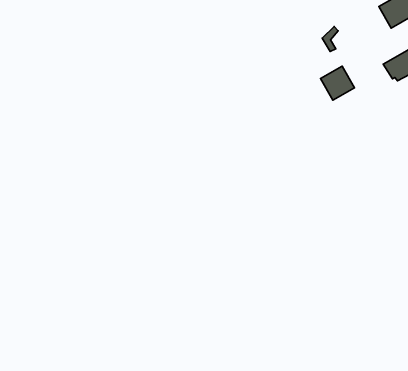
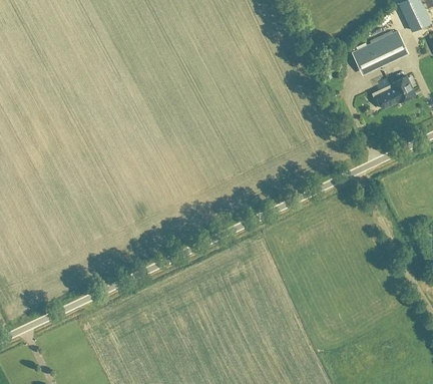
building: [321,66,354,100] -> [352,44,380,72]

